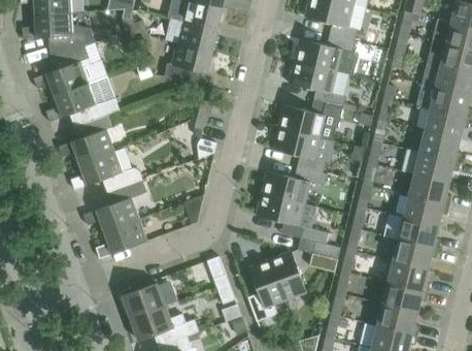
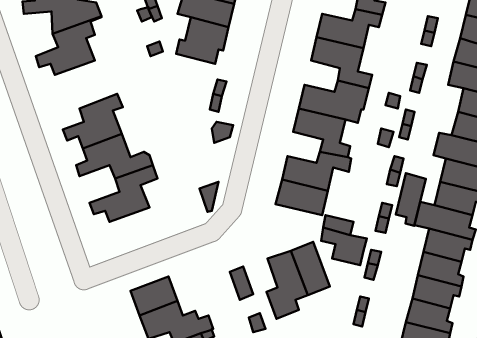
building: [45,76,120,127] -> none
building: none -> [396,173,426,226]
building: [96,219,146,258] -> none

